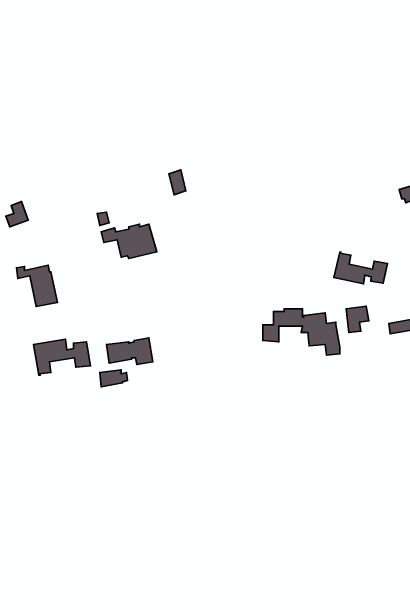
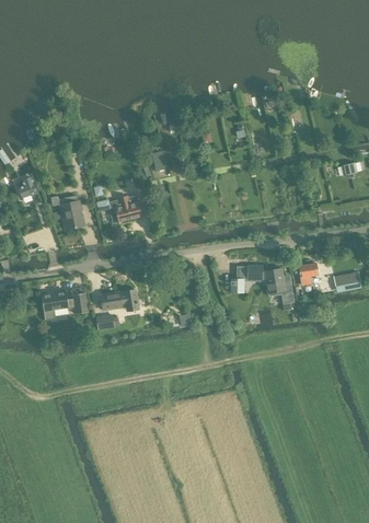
building: [334,252,388,284] -> none
building: [16,265,58,306] -> [50,195,84,229]

